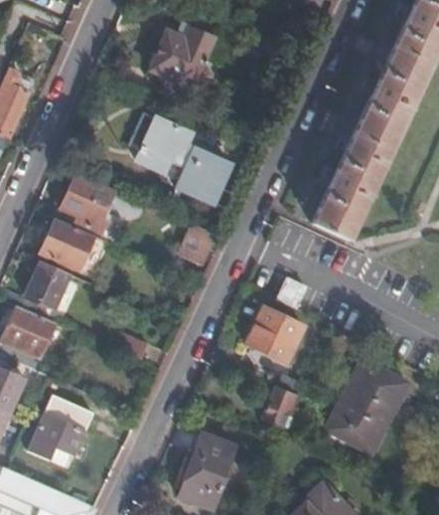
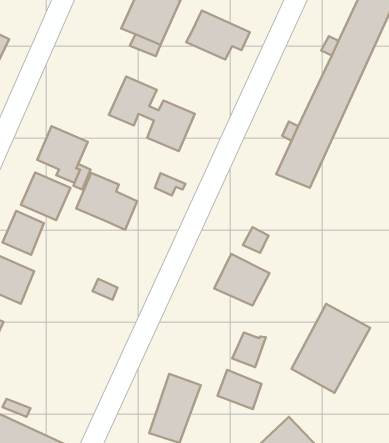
building: none -> [186,11,250,60]
building: none -> [76,173,137,230]
building: [27,401,91,459] -> none
building: none -> [218,370,262,409]

